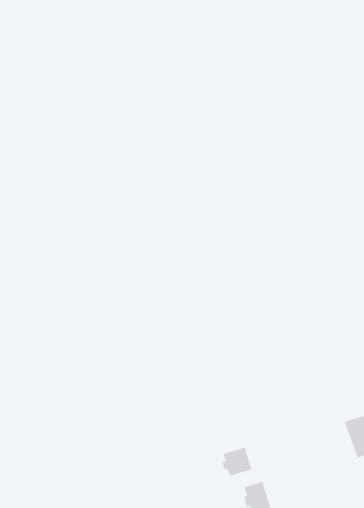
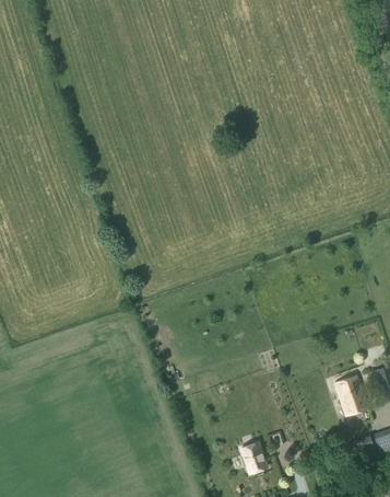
building: [222,447,252,476] -> none

